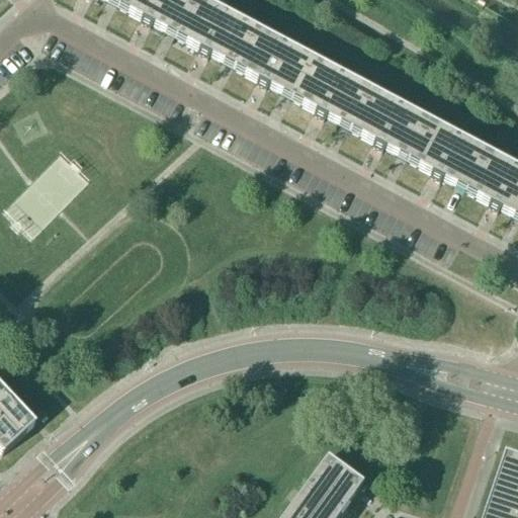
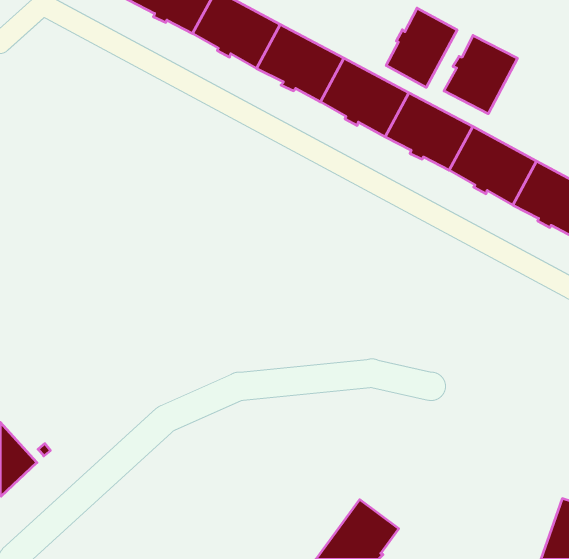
building: none -> [386,8,457,87]
building: none -> [444,35,517,114]

